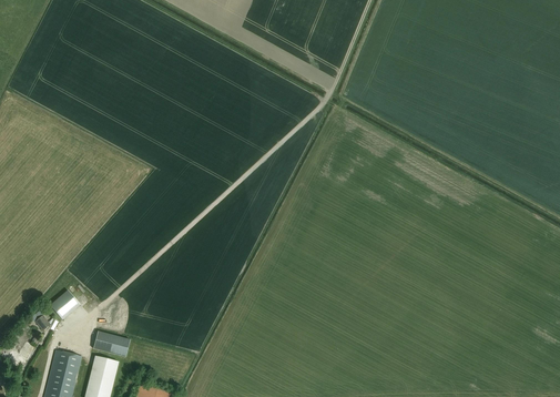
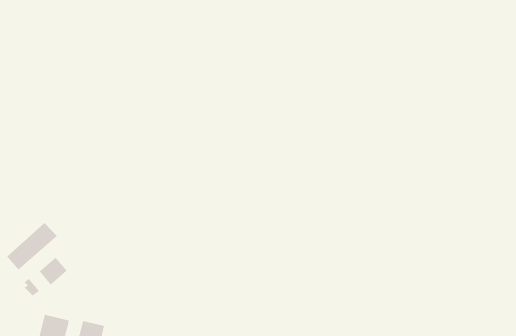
building: none -> [6,222,58,270]
building: [92,330,129,357] -> none

